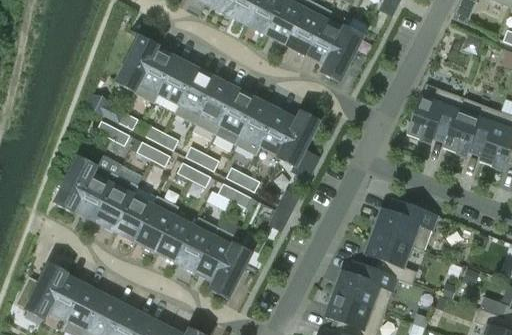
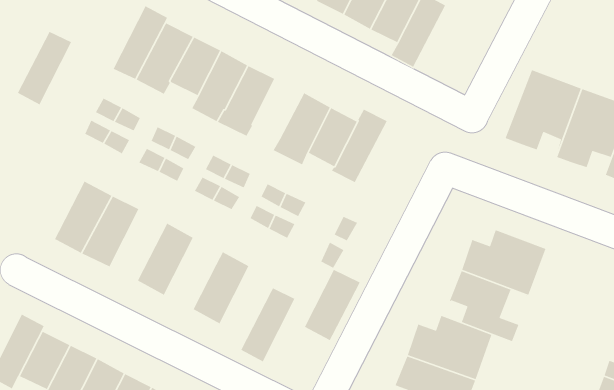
building: [220,90,258,134] -> none
building: [55,157,96,212] -> [17,31,72,105]
building: [115,186,157,239] -> none
building: [155,207,193,260] -> none
building: [196,228,238,290] -> [304,269,361,353]

